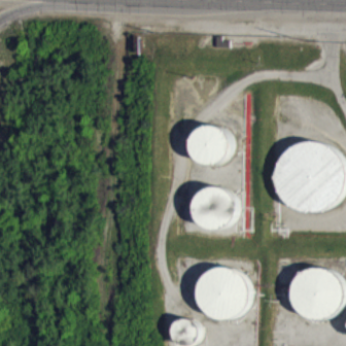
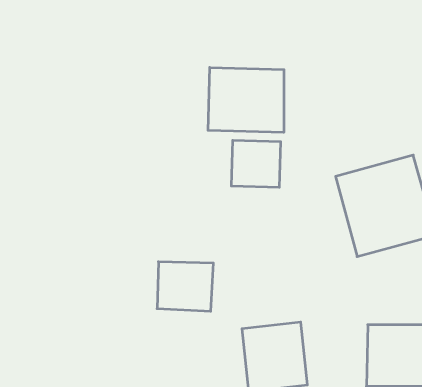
building: none -> [208,67,284,132]
building: [194,188,237,227] -> [157,262,213,311]

